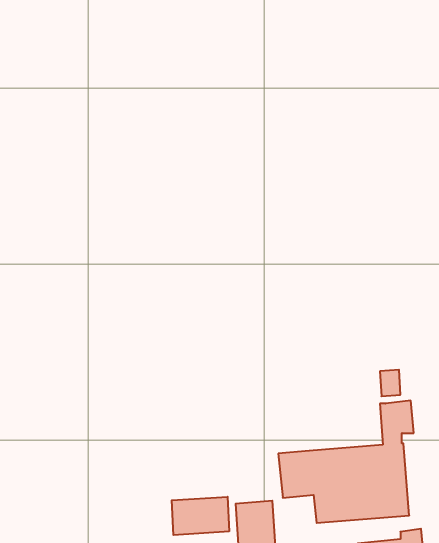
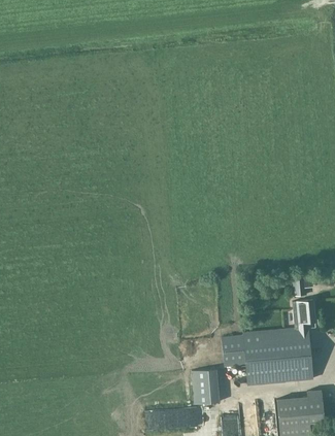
building: [172,497,229,535] -> none

